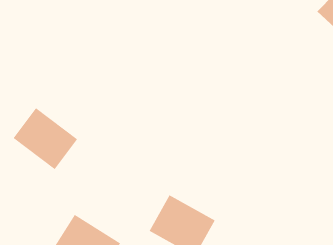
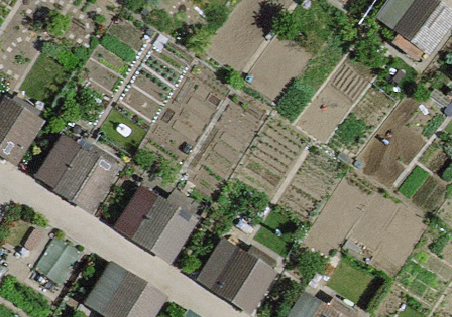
building: none -> [114,185,196,260]

